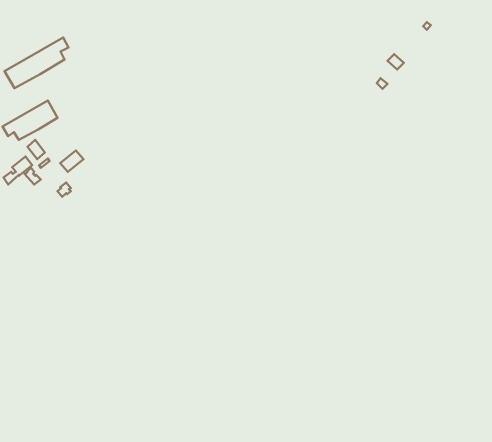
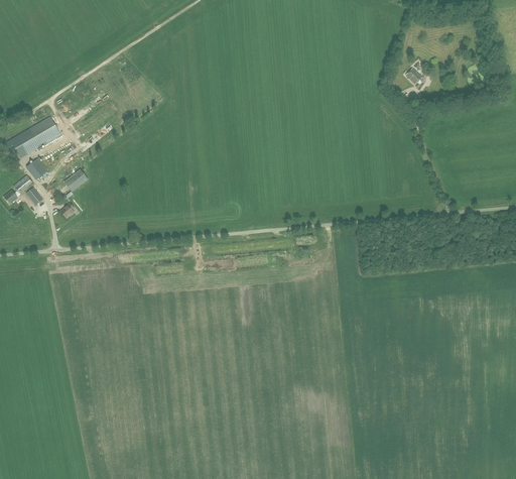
building: [4,38,68,88] -> none

